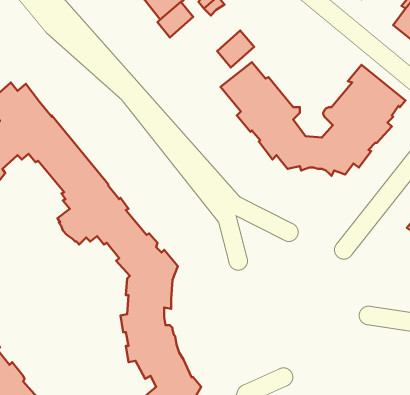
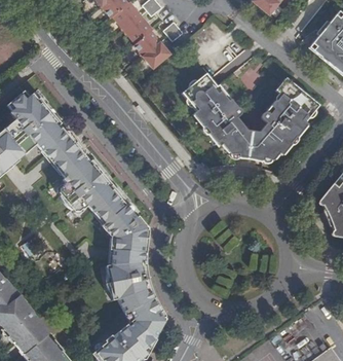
building: [217,30,254,67] -> [143,41,170,69]

